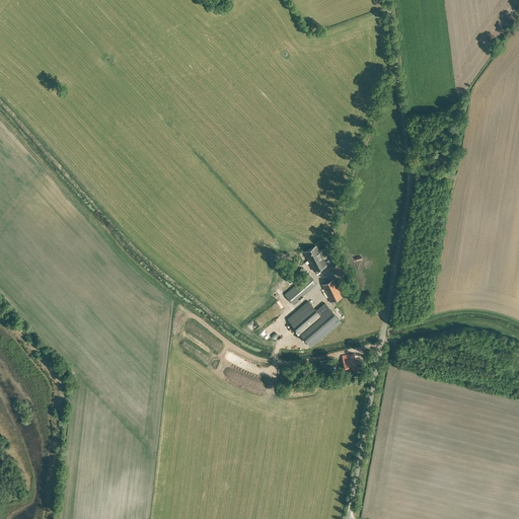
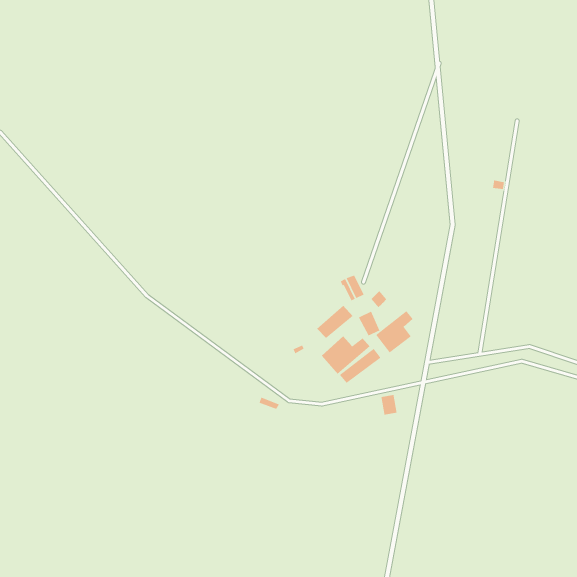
building: none -> [375,310,413,353]

